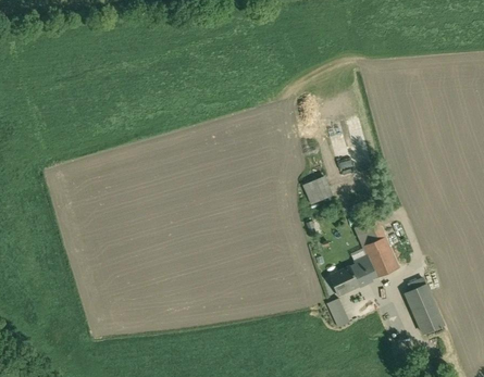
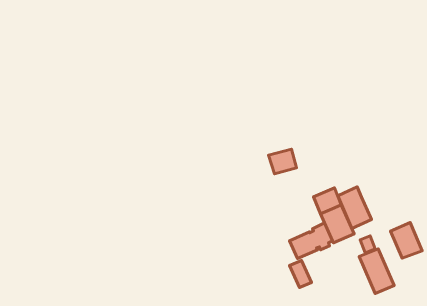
building: none -> [338,187,371,228]
building: none -> [391,223,422,258]

